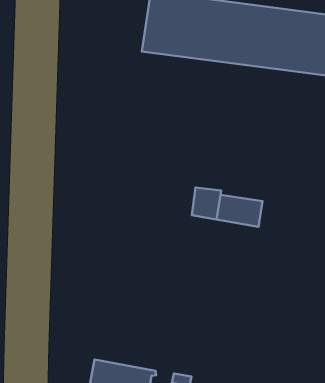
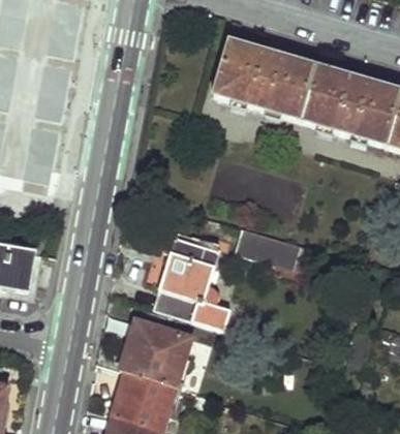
building: none -> [151,236,229,329]
building: none -> [125,316,191,386]

